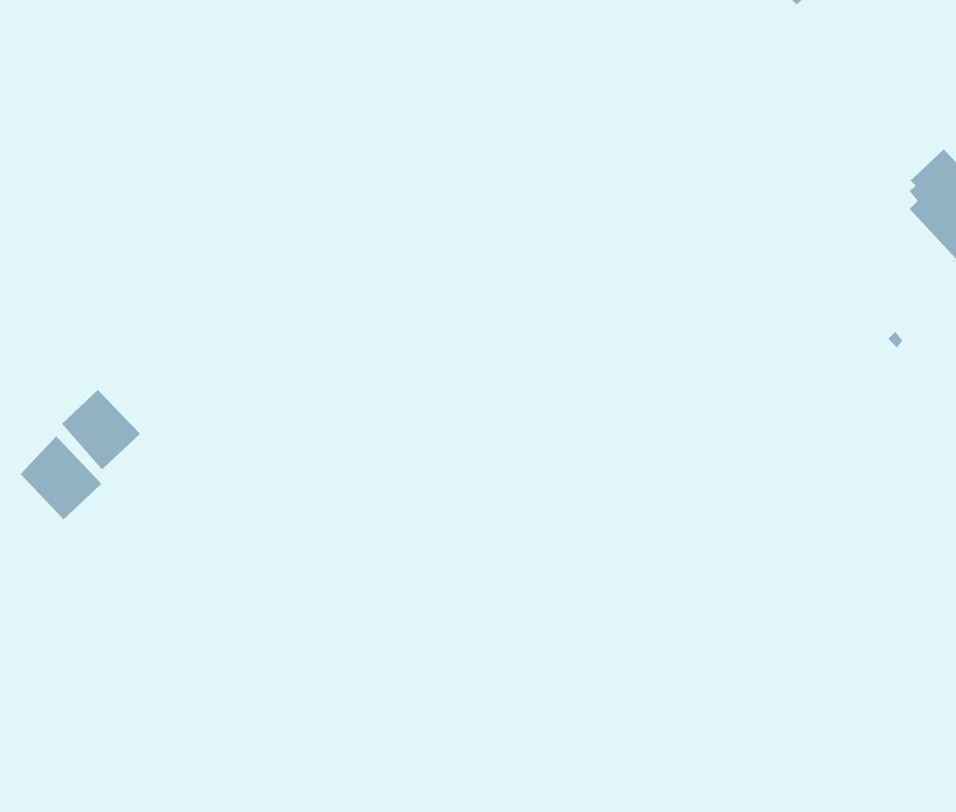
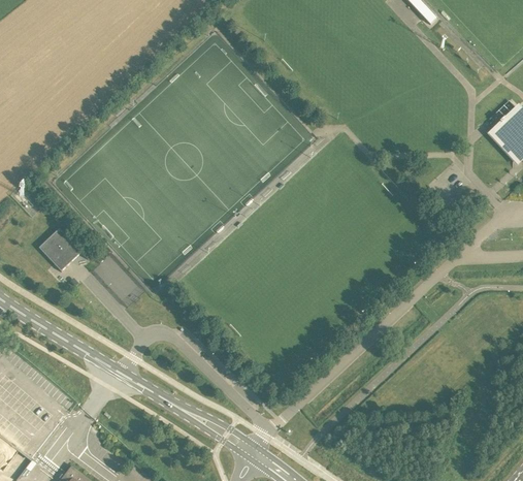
building: [20,435,102,520] -> none

